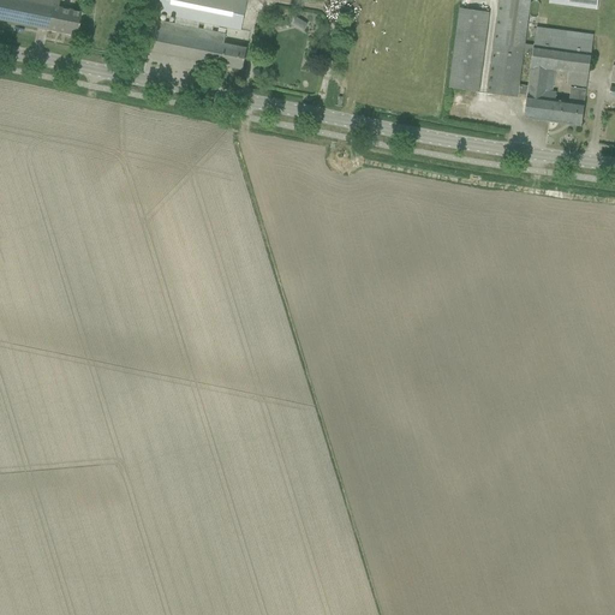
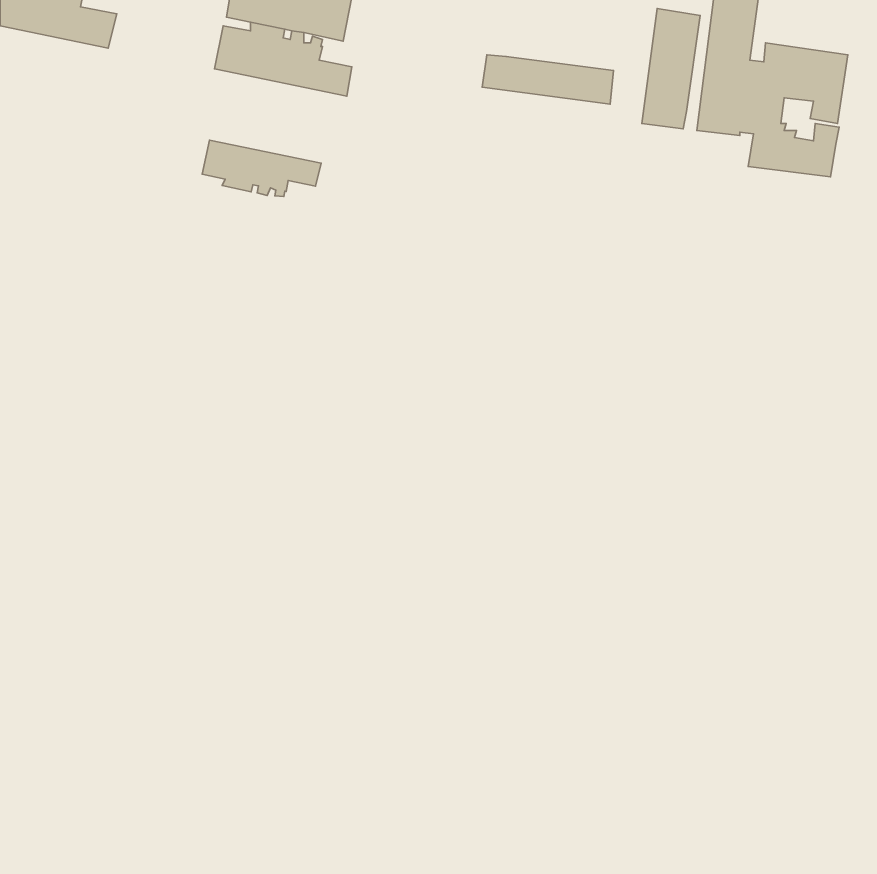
building: none -> [482,55,614,104]
building: none -> [202,140,321,197]

